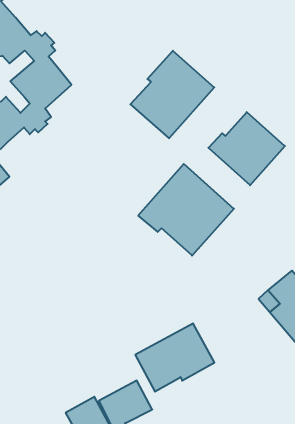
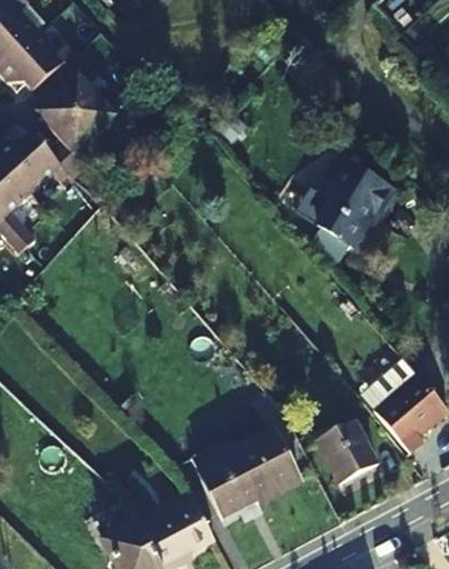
building: [130,51,214,138] -> none
building: [138,164,234,256] -> none
building: none -> [318,422,377,486]

